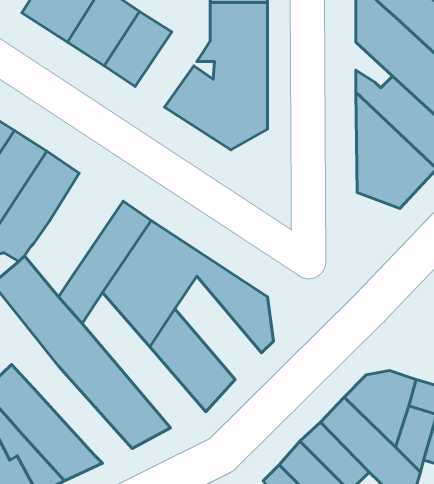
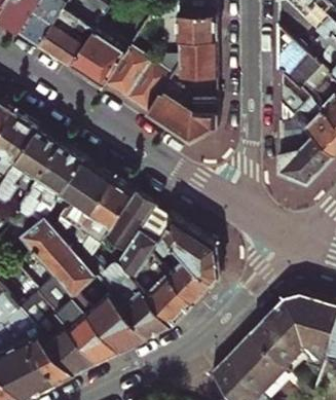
building: none -> [123,61,171,113]
building: none -> [46,159,115,246]
building: none -> [151,231,212,303]
building: none -> [86,243,173,337]
building: none -> [52,294,111,356]

